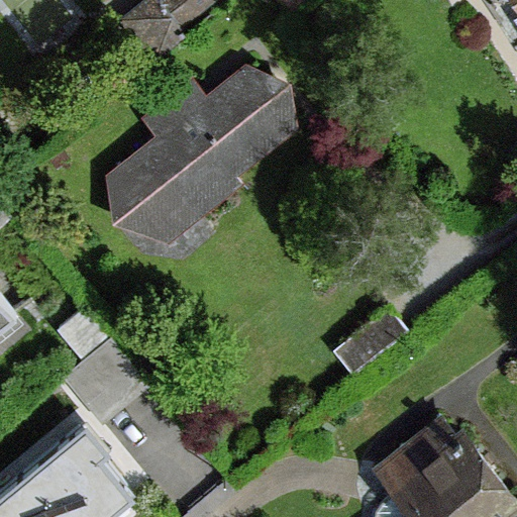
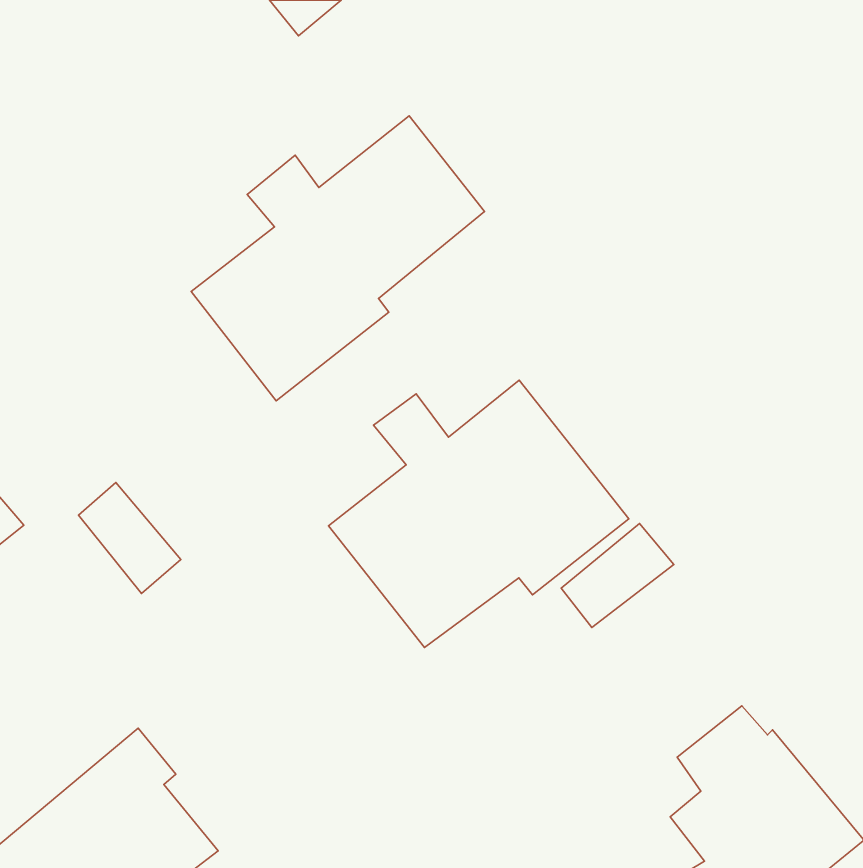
building: none -> [328,380,629,648]

